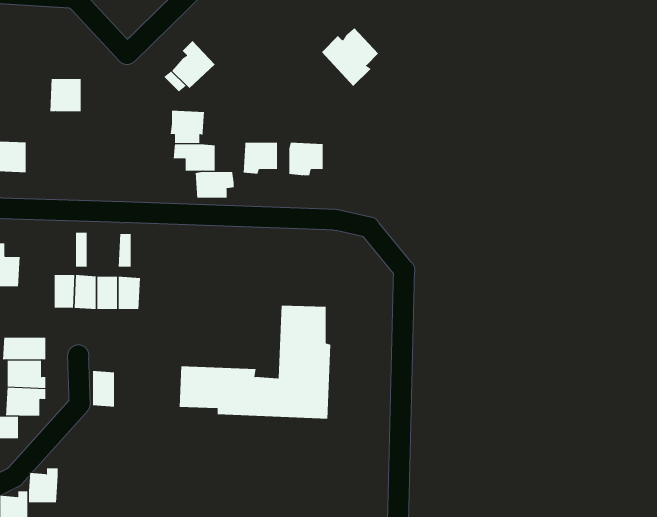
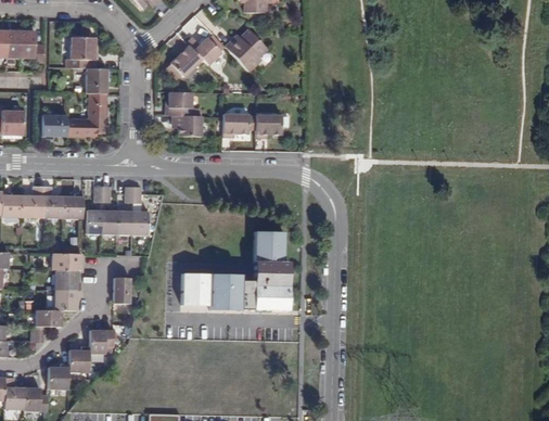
building: [321,28,379,87] -> [225,28,266,71]
building: none -> [186,36,221,64]
building: none -> [65,37,94,68]
building: none -> [67,92,106,136]
building: [195,171,234,198] -> none
building: none -> [62,190,82,217]
building: none -> [90,329,113,353]

